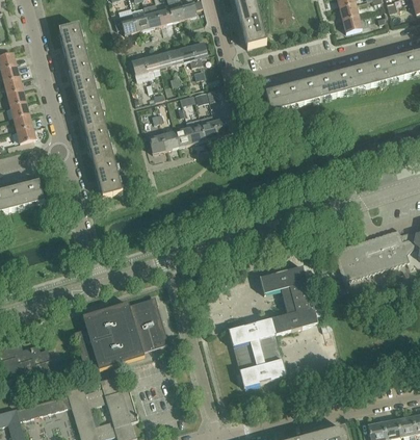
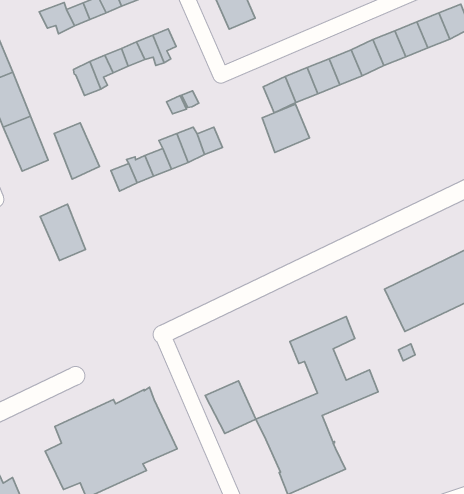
building: none -> [262,104,310,152]
building: [85,123,114,162] -> [54,123,99,179]
building: none -> [205,381,256,434]

